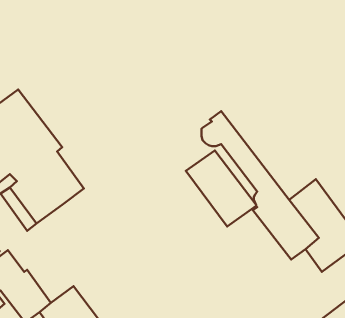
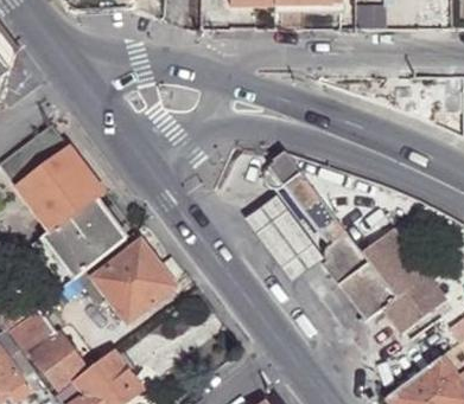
building: none -> [91,232,174,325]

